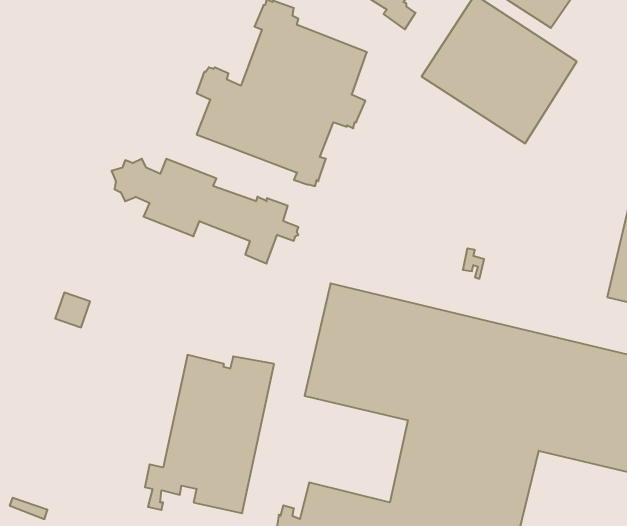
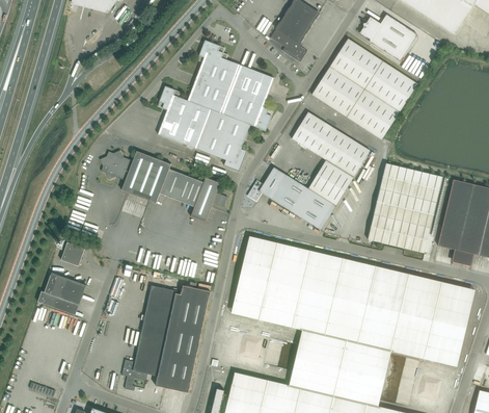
building: none -> [248,112,371,230]
building: none -> [368,163,442,253]
building: none -> [37,273,86,315]

